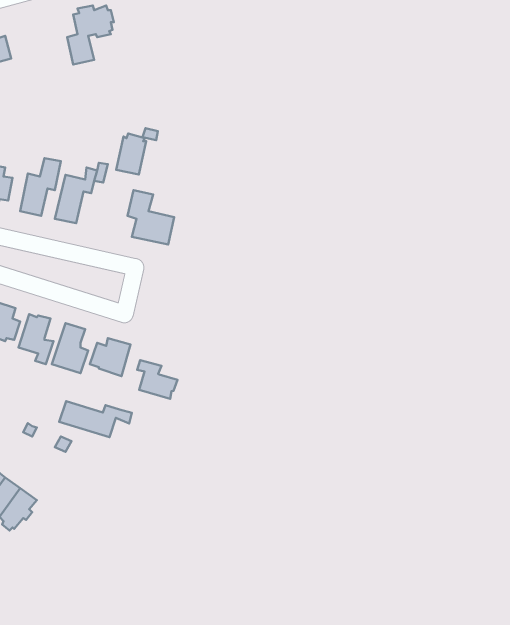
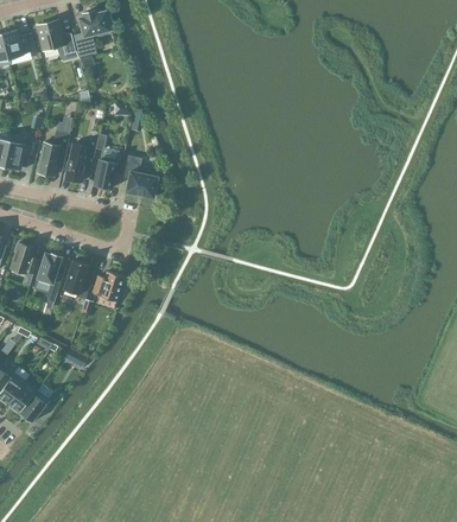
building: none -> [37,20,75,55]
building: [116,134,146,174] -> [93,157,116,189]
building: [137,360,177,399] -> none
building: [59,401,132,437] -> none

